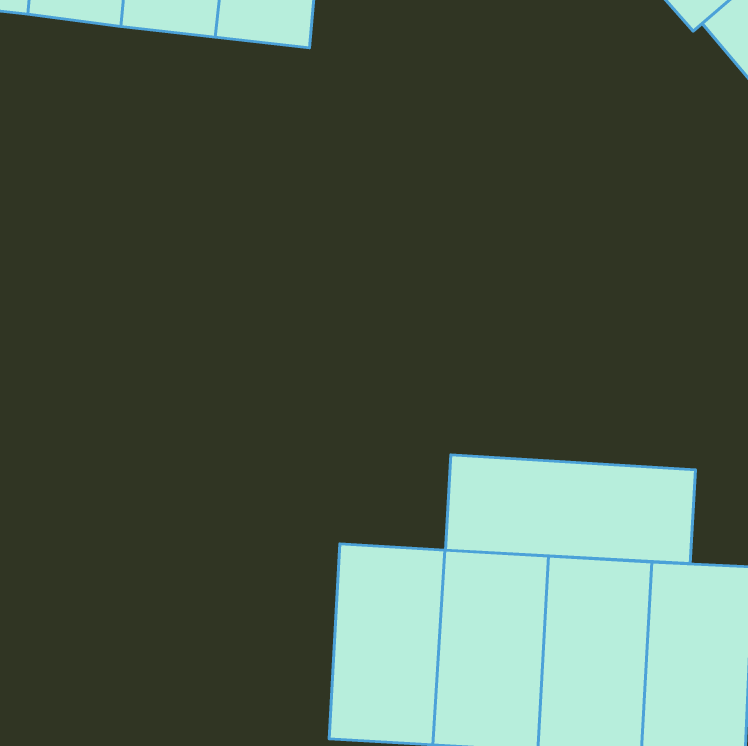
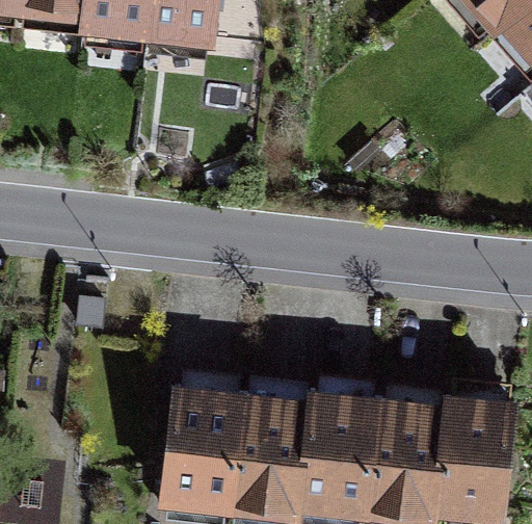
building: [445,455,695,563] -> none
building: none -> [160,379,238,516]

